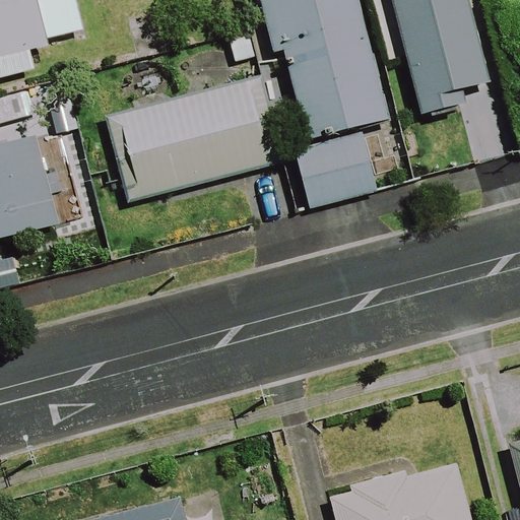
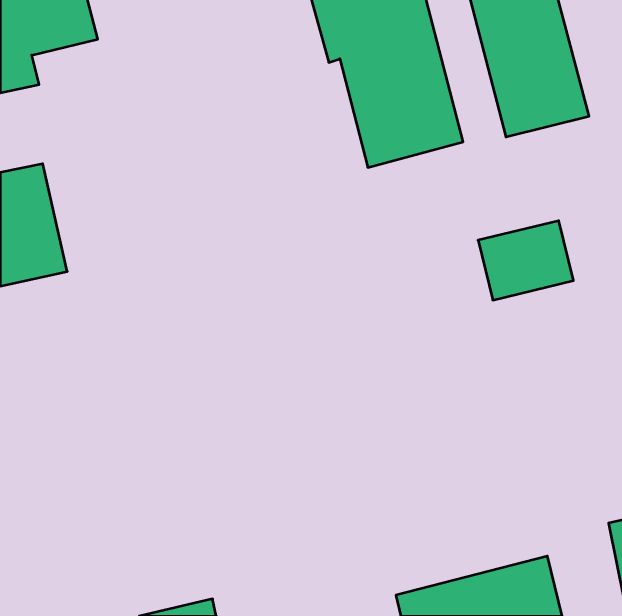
building: [109,79,277,201] -> none
building: [294,139,373,205] -> [478,221,573,300]

